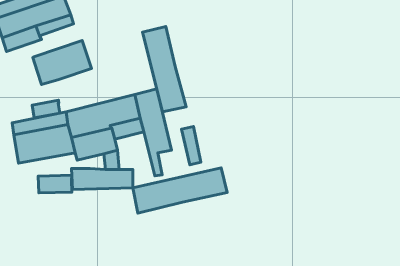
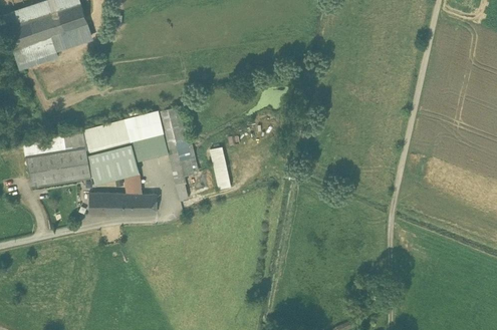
building: [143,26,186,112] -> none
building: [33,40,91,85] -> none
building: [32,100,60,118] -> none
building: [133,168,227,213] -> none
building: [38,175,72,193] -> none

